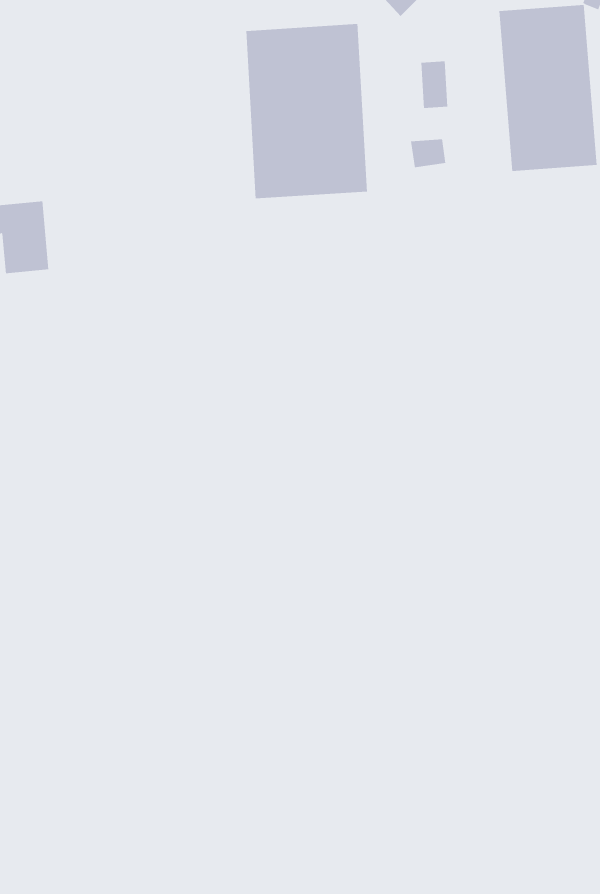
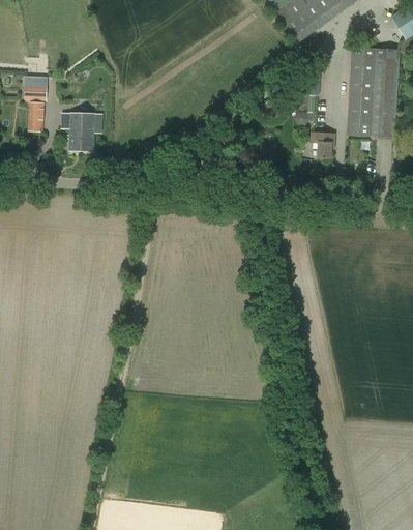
building: [246,23,367,199] -> none
building: none -> [311,130,332,157]

